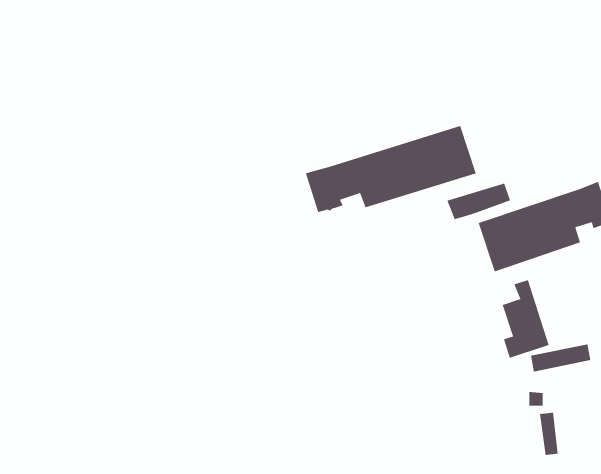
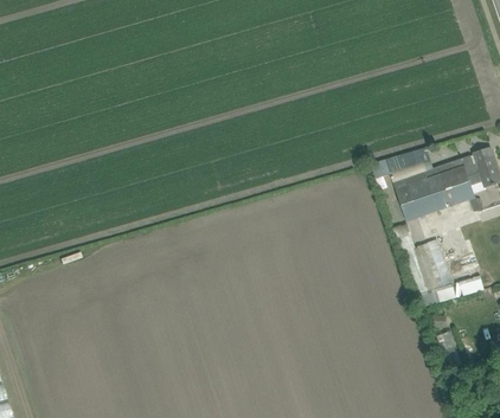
building: [305,125,476,213] -> none

